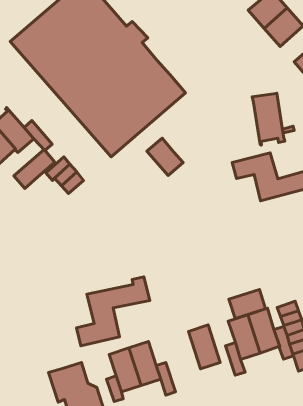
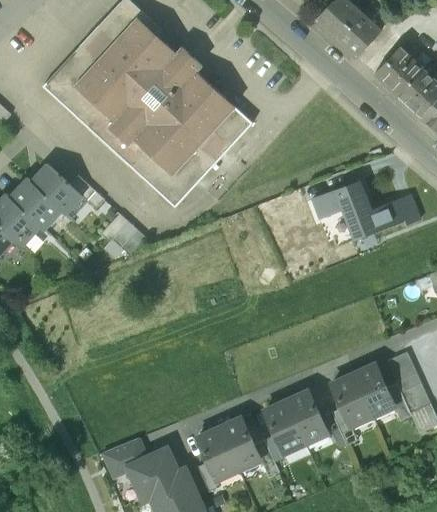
building: [252,93,285,145] -> none
building: [147,138,183,175] -> none
building: [14,150,55,188] -> none
building: [77,277,150,346] -> none
building: [229,289,266,319] -> none
building: none -> [264,400,305,452]
building: none -> [103,438,146,475]

